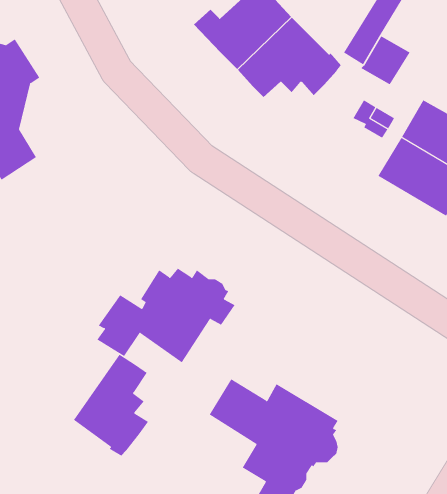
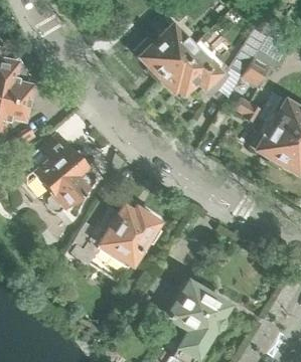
building: none -> [30,133,96,211]
building: [73,354,149,457] -> none

